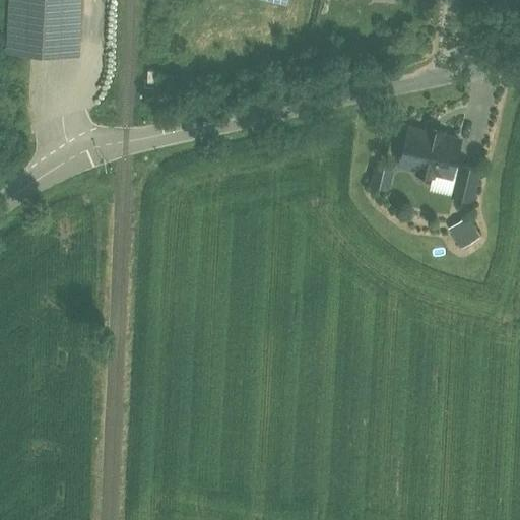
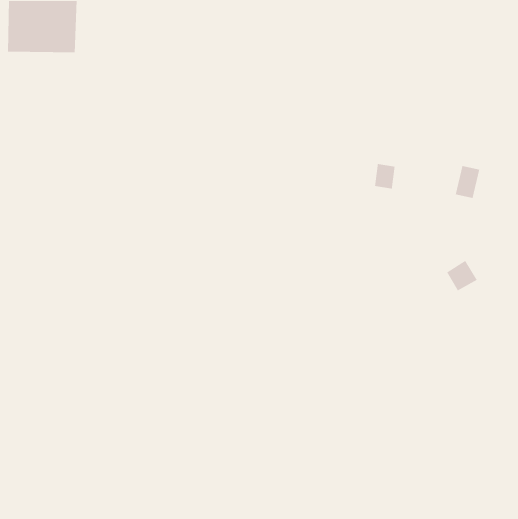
building: [401,129,458,176] -> none
building: [450,216,481,248] -> [446,260,478,291]

